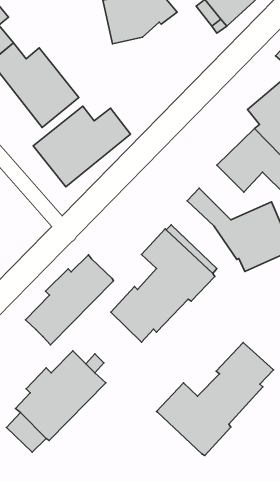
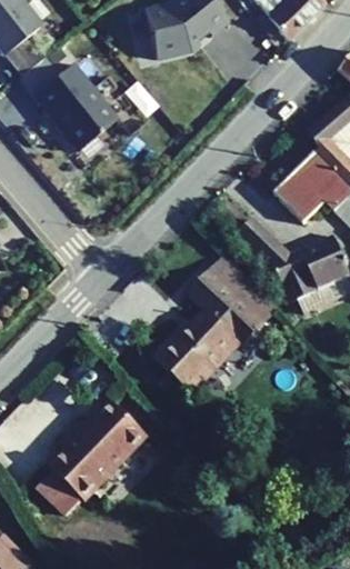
building: [33,106,131,187] -> none
building: [25,255,113,345] -> none
building: [157,343,273,455] -> none

